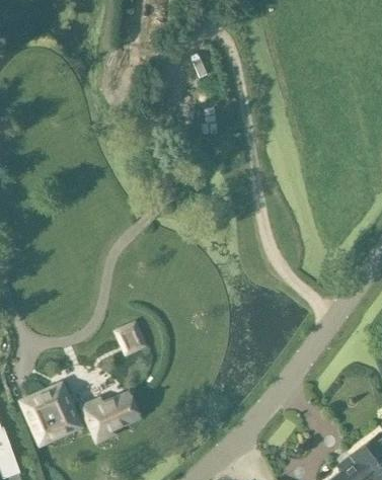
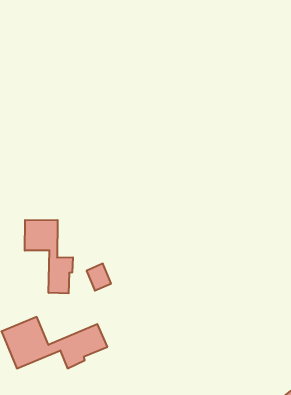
building: none -> [25,220,73,293]

